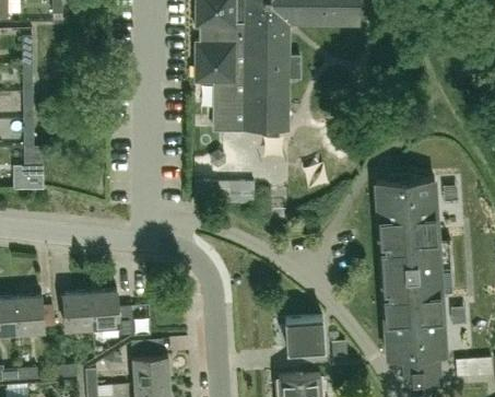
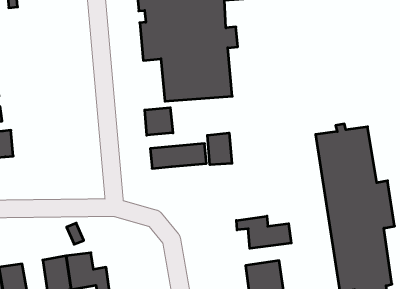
building: none -> [145,108,173,135]
building: none -> [207,133,232,165]
building: none -> [236,216,291,248]

